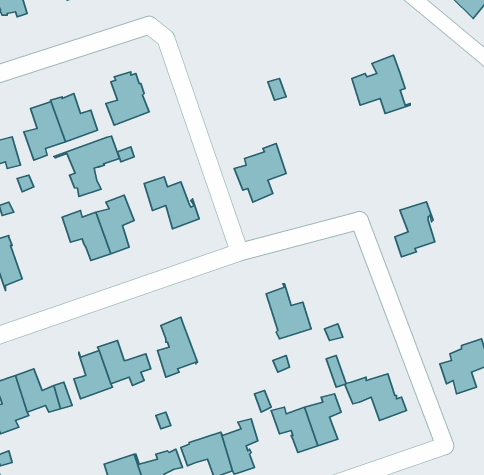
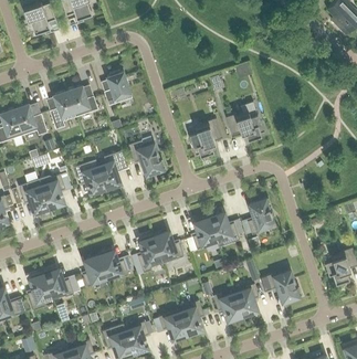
building: [352,55,410,114] -> [225,101,264,139]
building: [54,136,120,196] -> none
building: [395,202,435,257] -> [246,197,273,233]
building: none -> [39,172,65,210]
building: none -> [191,213,217,247]
building: none -> [154,229,183,262]

